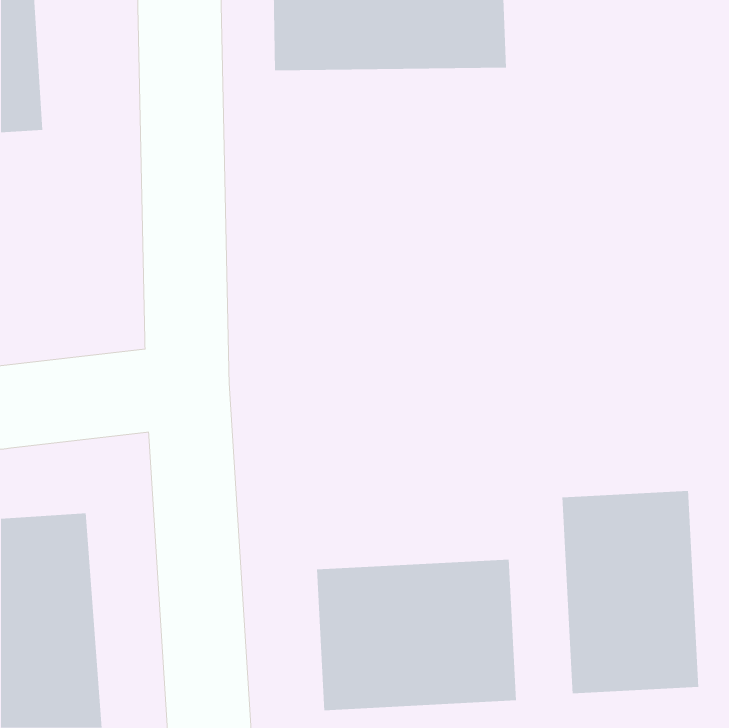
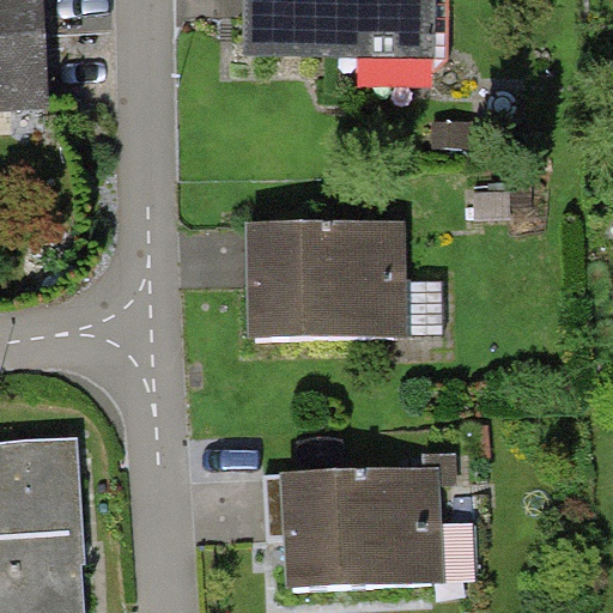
building: none -> [237,220,401,339]
building: [562,490,699,694] -> none

